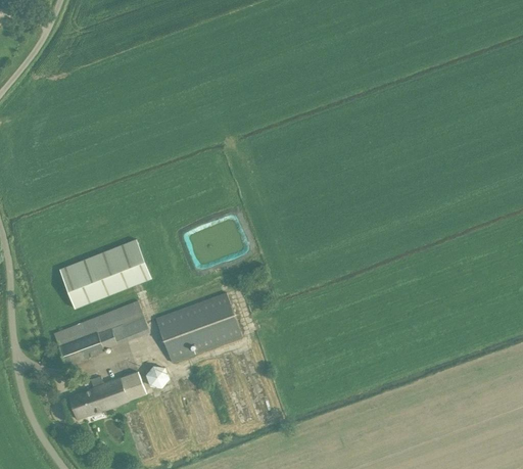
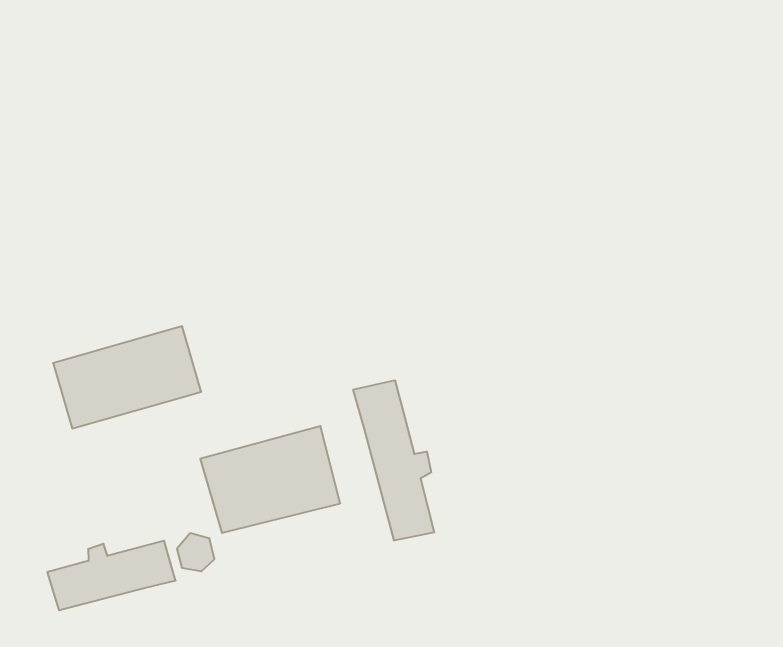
building: none -> [353,380,434,541]
building: [53,300,149,366] -> none

